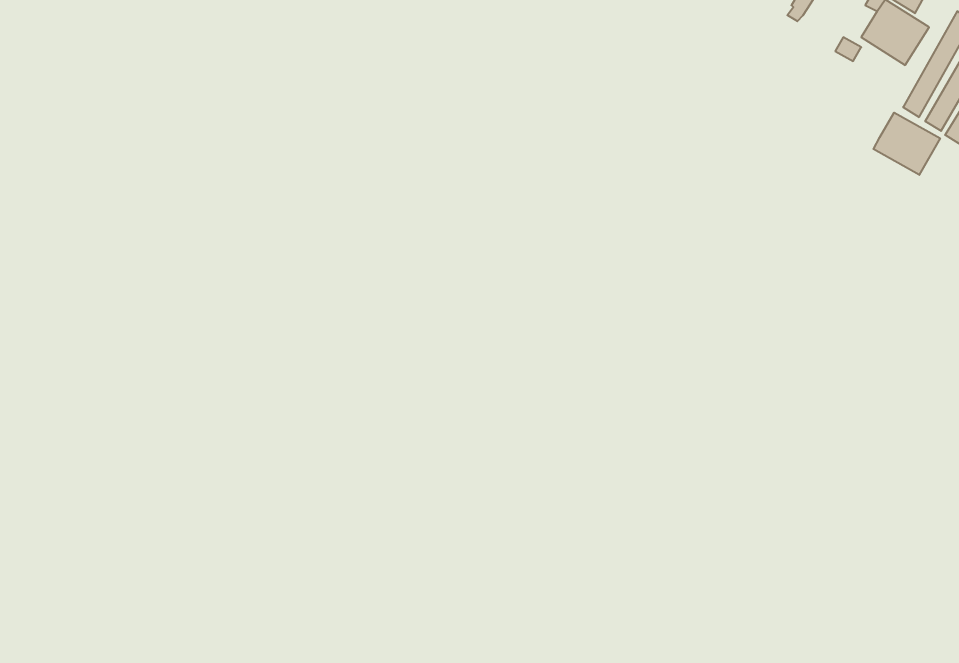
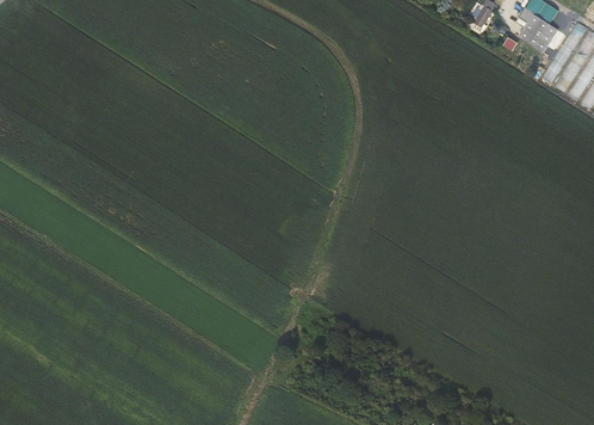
building: [873,113,940,175] -> none

